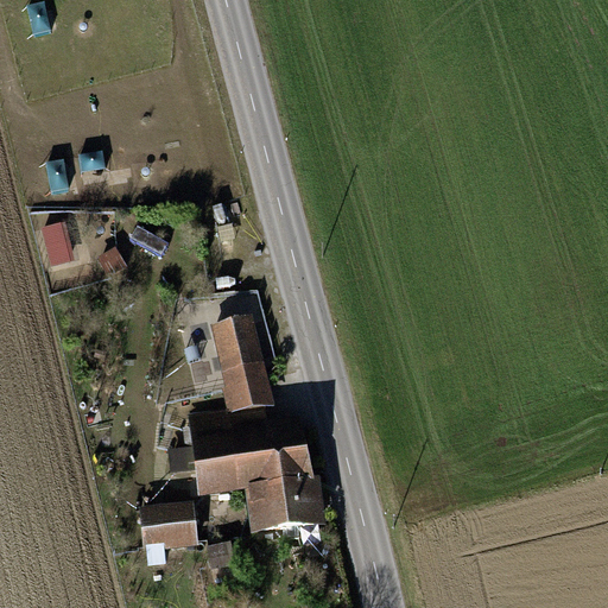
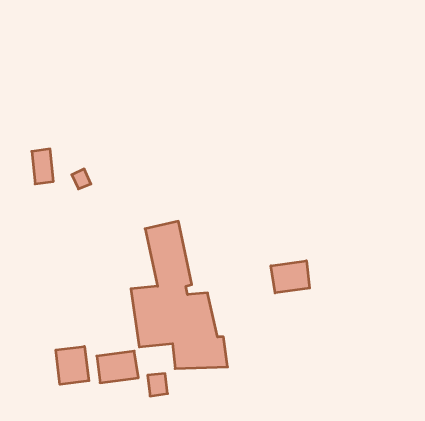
building: none -> [271,261,310,293]
building: none -> [56,346,89,384]

